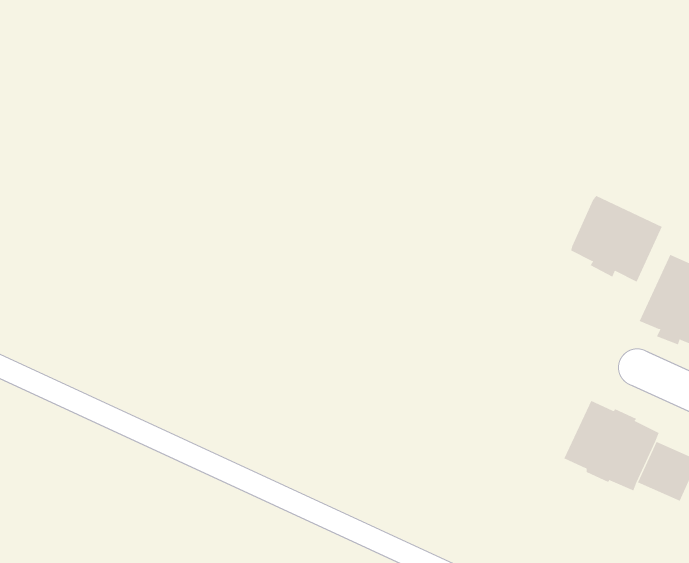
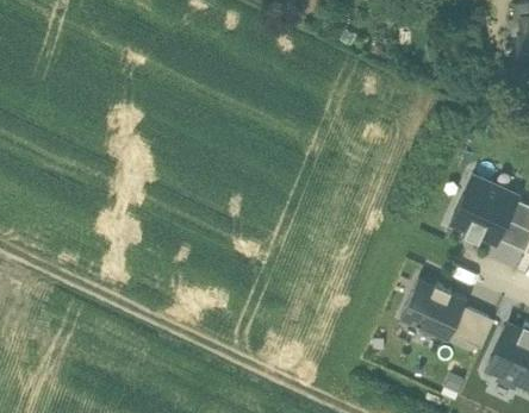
building: [571,195,662,282] -> none

